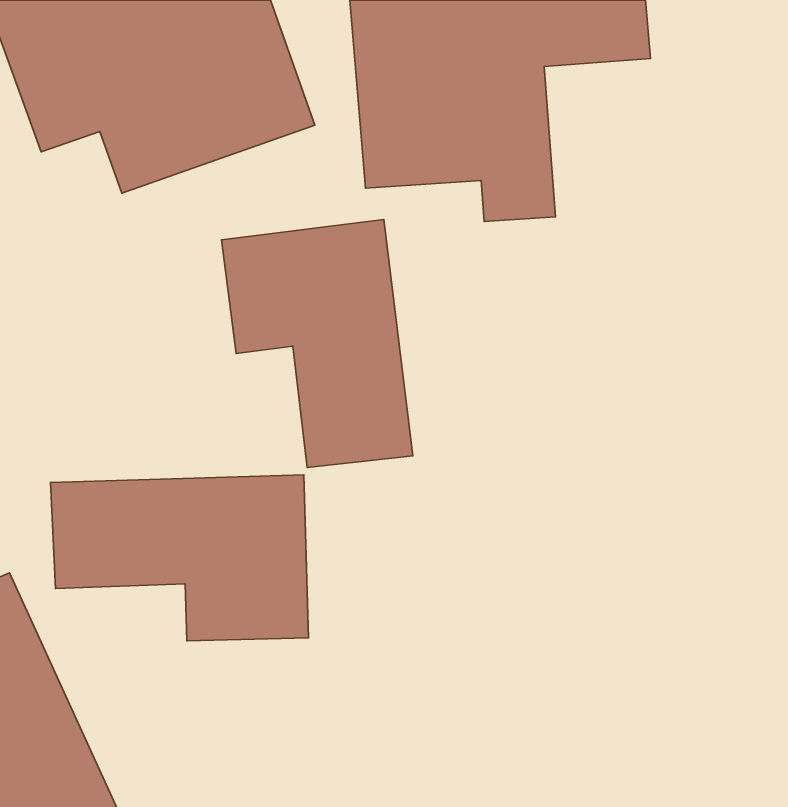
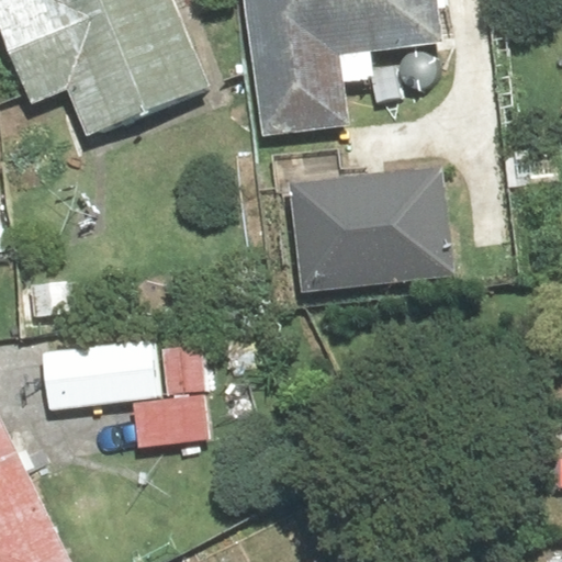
building: [222,220,413,467] -> none
building: none -> [285,164,447,285]

